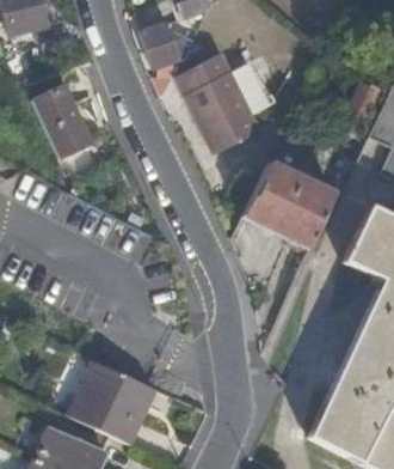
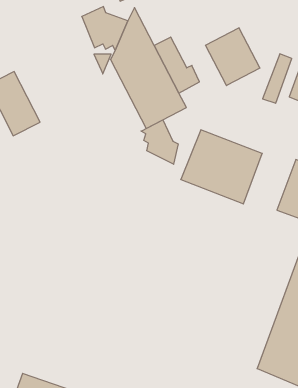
building: none -> [206,28,260,86]
building: none -> [141,120,178,164]
building: [69,358,154,439] -> none

